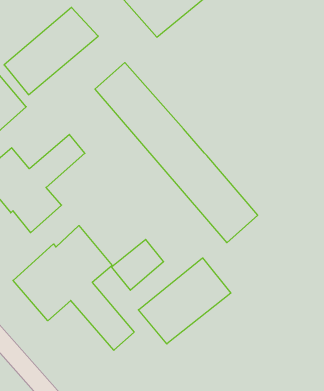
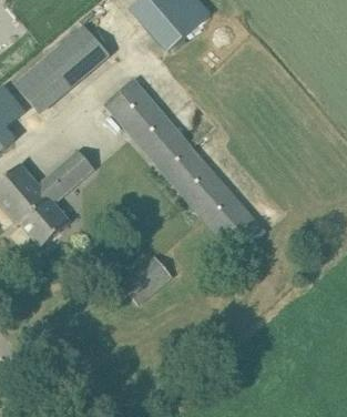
building: [13,226,134,350] -> none
building: [138,258,231,344] -> none

